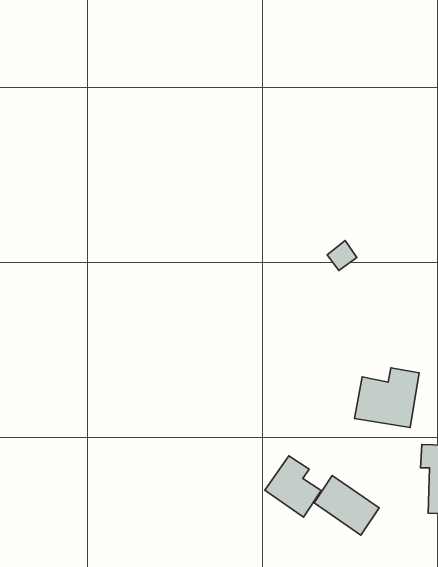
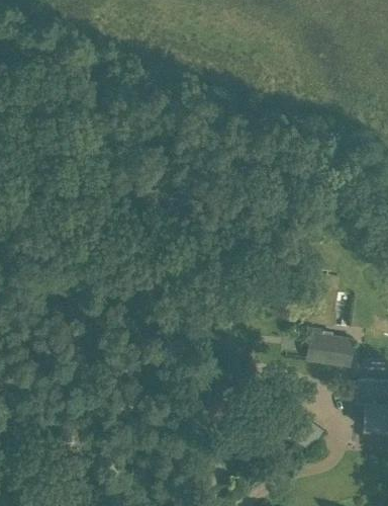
building: [265,456,321,517] -> none

